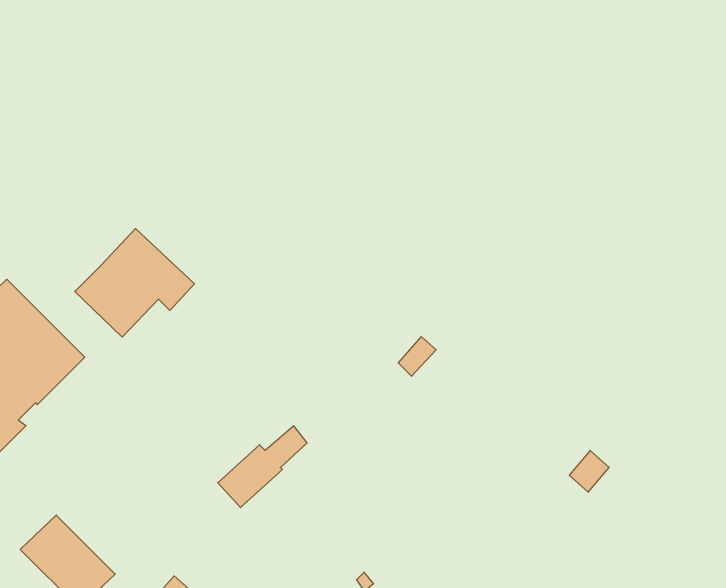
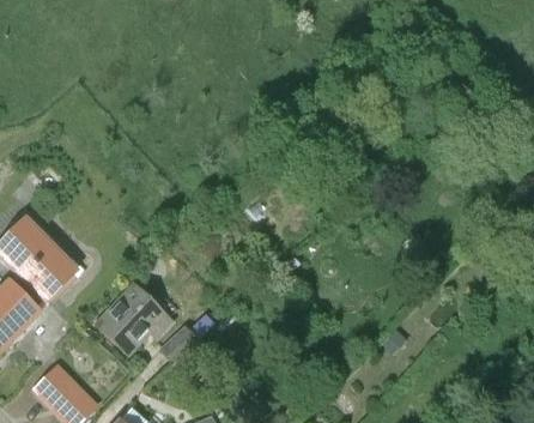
building: [75,229,195,337] -> [98,283,174,351]

